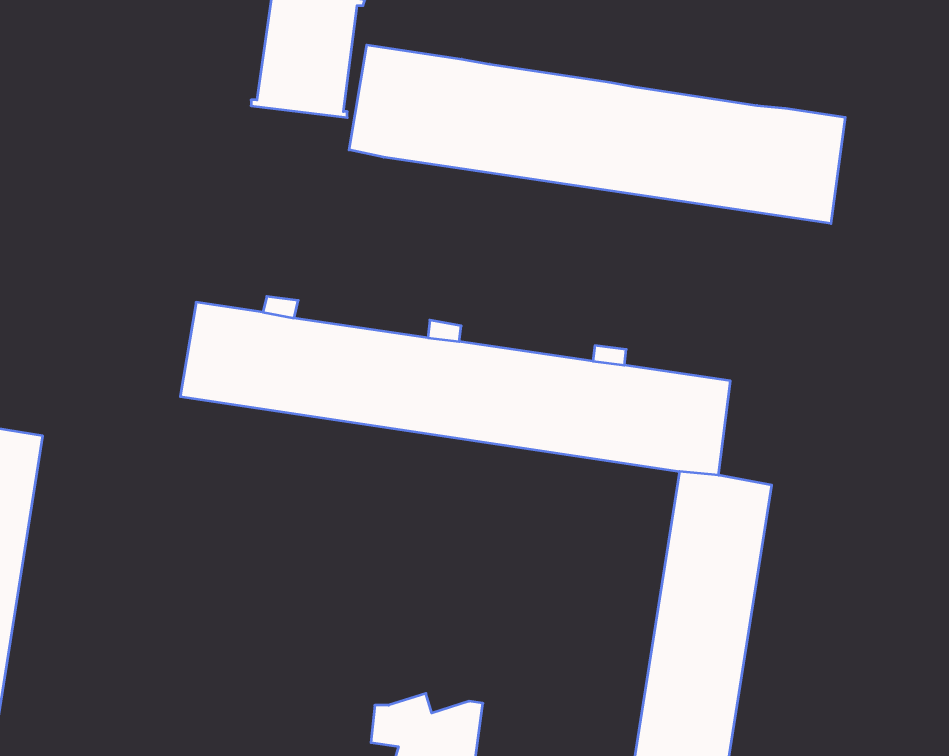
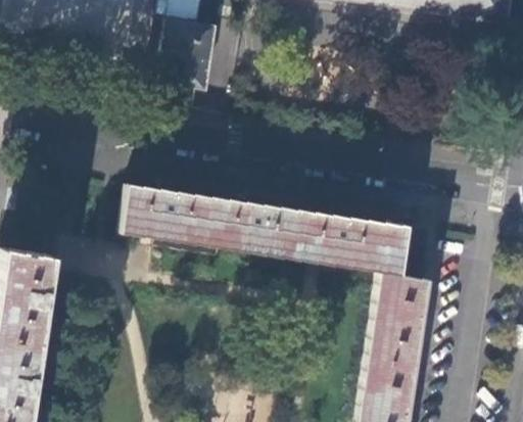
building: [349,45,845,224] -> none

